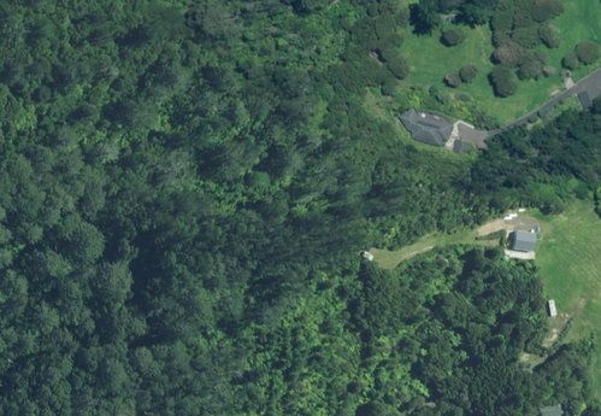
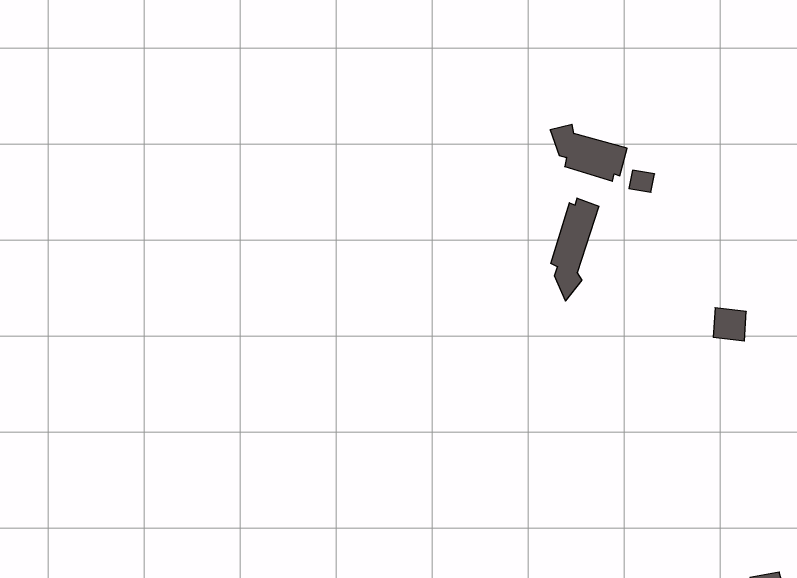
building: none -> [551,198,599,301]

